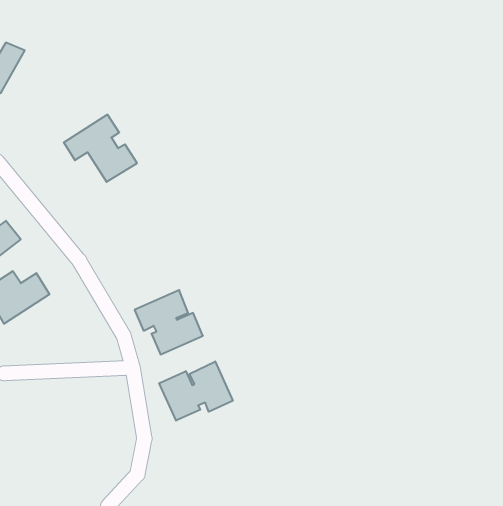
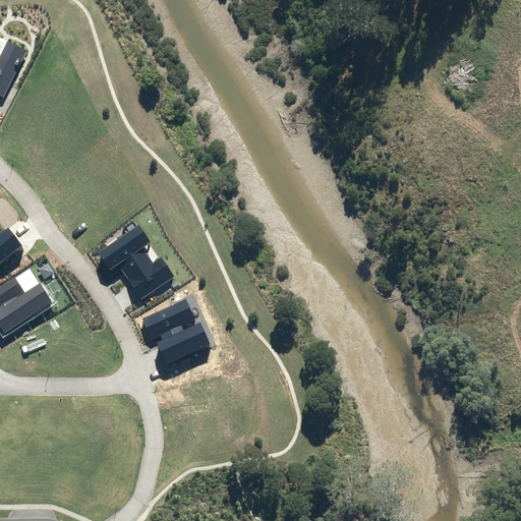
building: [64,115,137,182] -> [96,227,171,296]
building: [159,361,233,421] -> none

